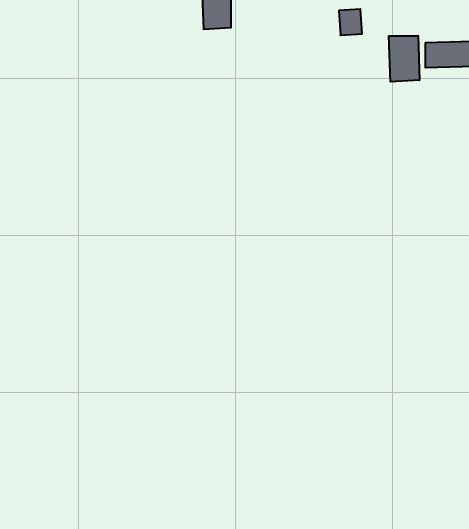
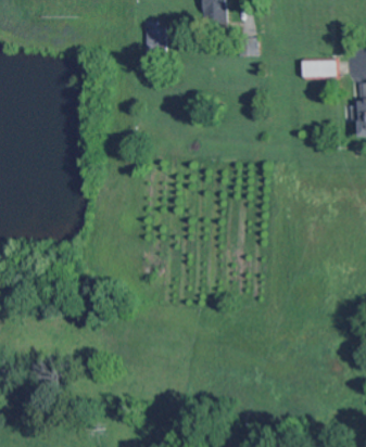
building: [389,36,419,82] -> none

